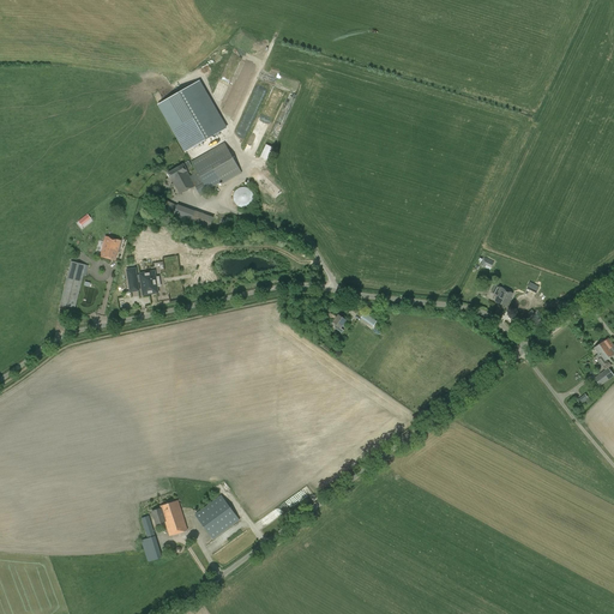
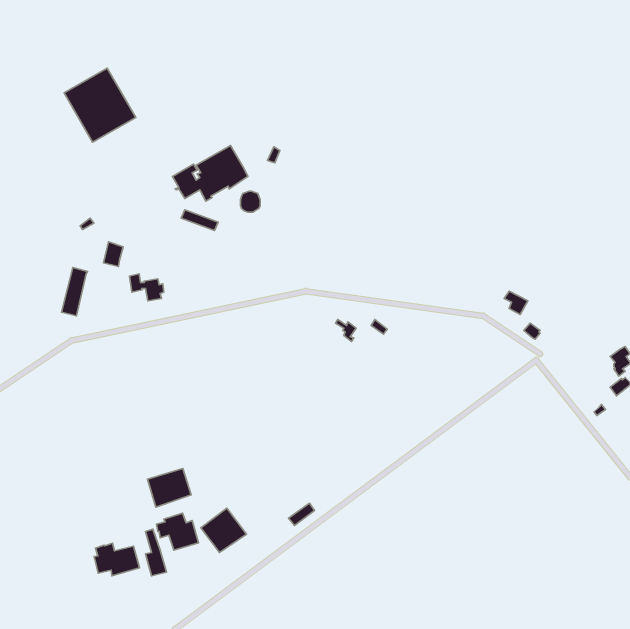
building: [157,79,227,151] -> [64,68,136,142]
building: none -> [147,468,191,507]
building: none -> [94,543,140,576]

